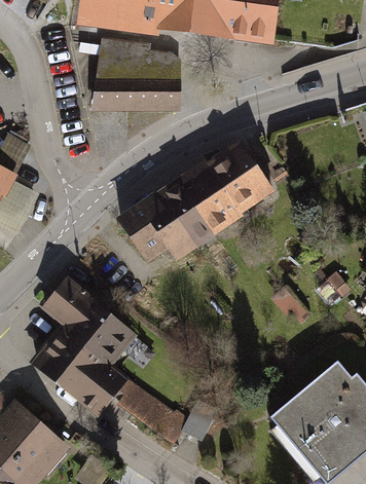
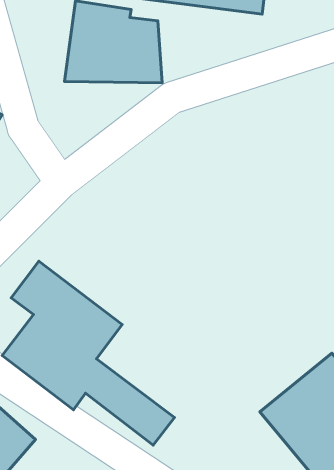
building: [118,139,273,270] -> none

